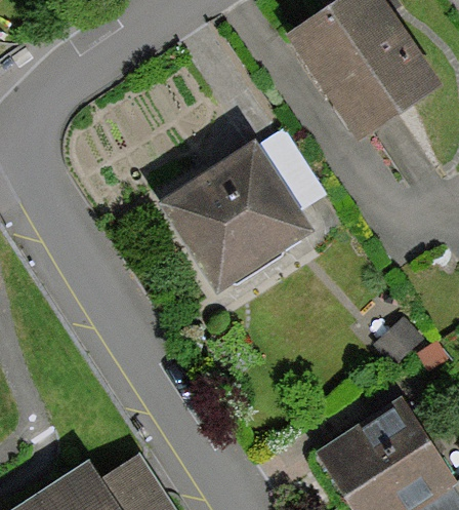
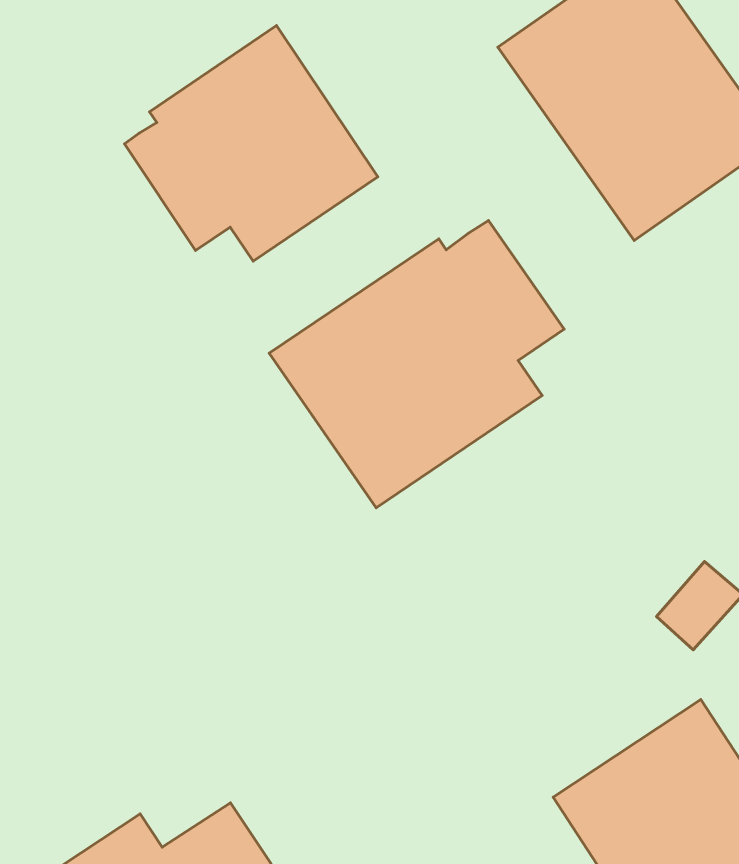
building: none -> [124,25,378,261]

